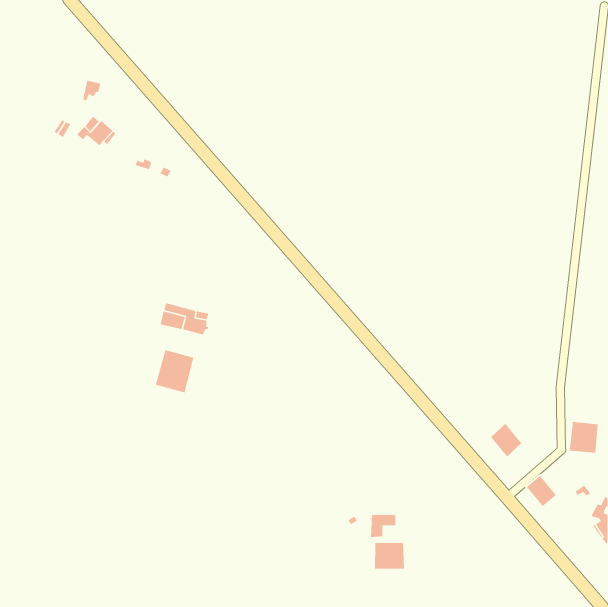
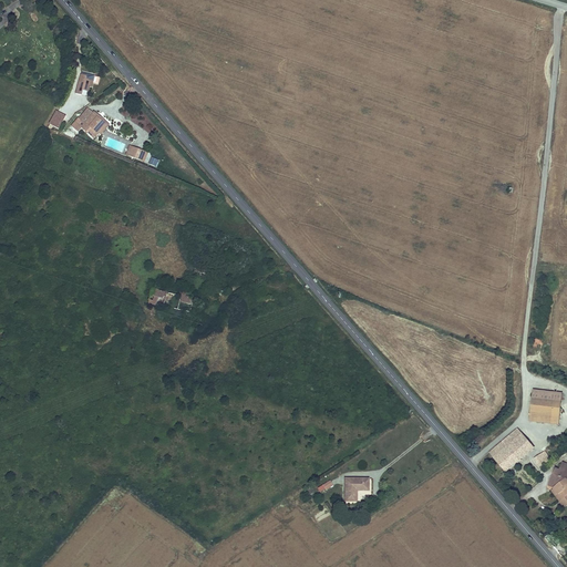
building: [155,349,194,393] -> none
building: [490,423,522,457] -> [503,429,533,461]
building: [374,542,405,570] -> none

